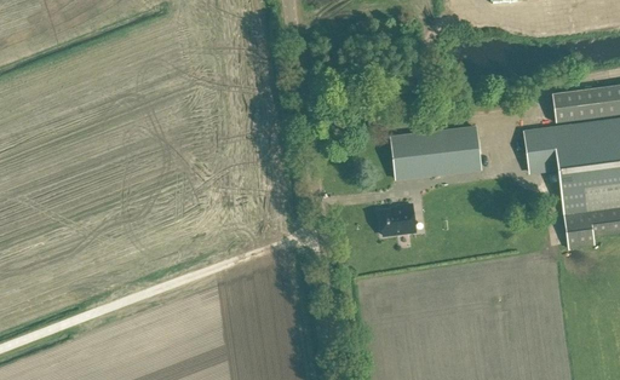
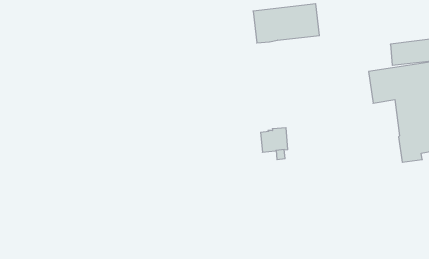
building: [392,127,481,179] -> [253,4,319,43]

